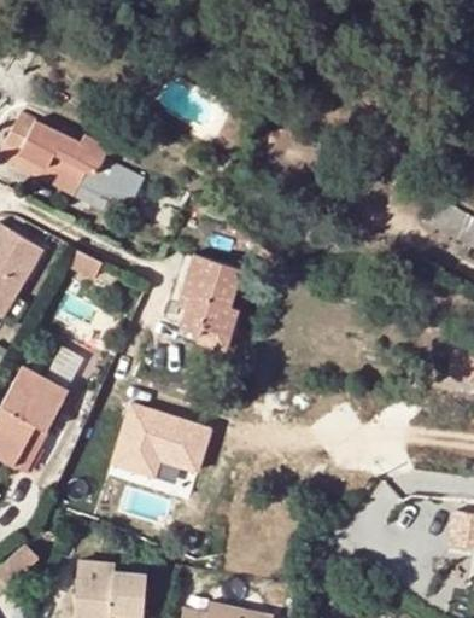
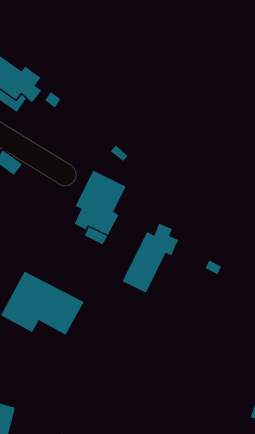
building: none -> [122,223,179,293]

